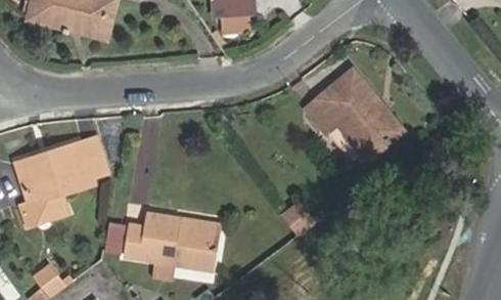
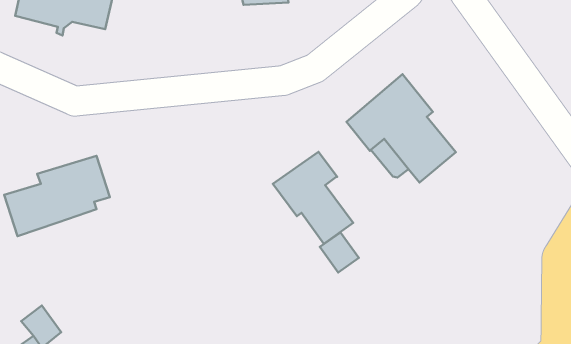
building: none -> [273,152,353,244]
building: [19,194,69,227] -> none
building: [123,214,220,270] -> none

